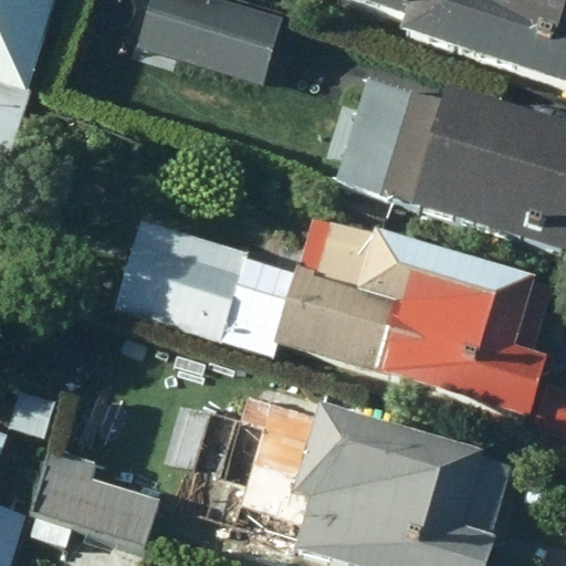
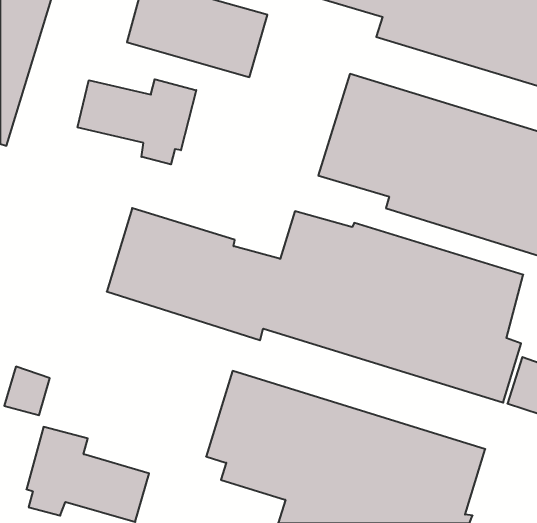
building: none -> [78,79,196,164]

